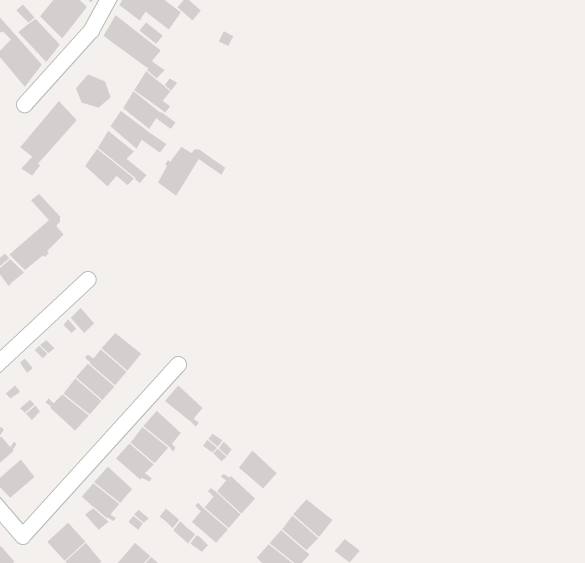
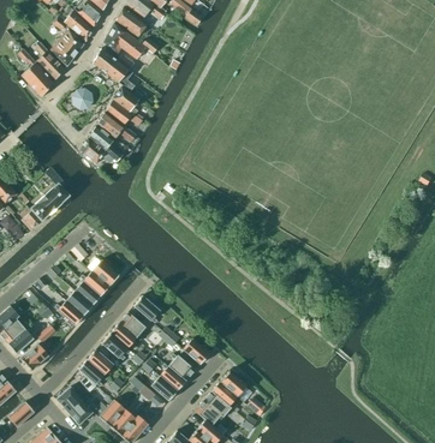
building: [19,100,78,176] -> none
building: [157,146,226,197] -> none

